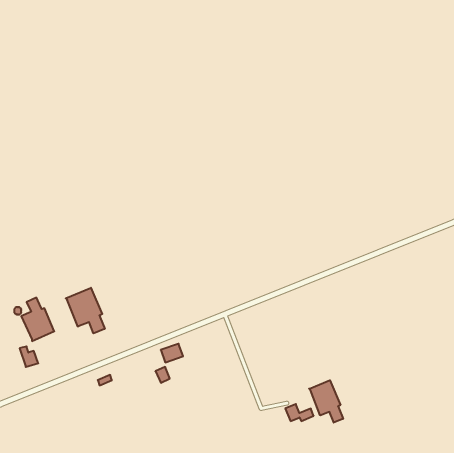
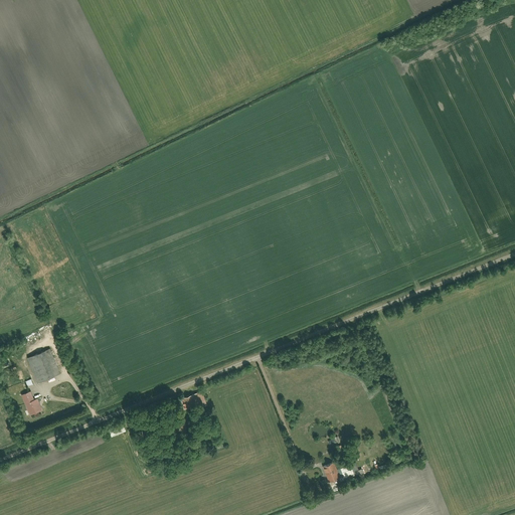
building: [66,288,105,333] -> none
building: [309,380,343,423] -> none

